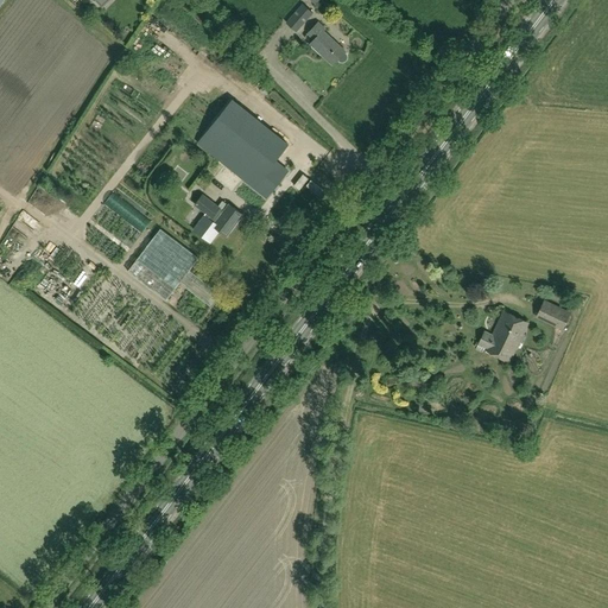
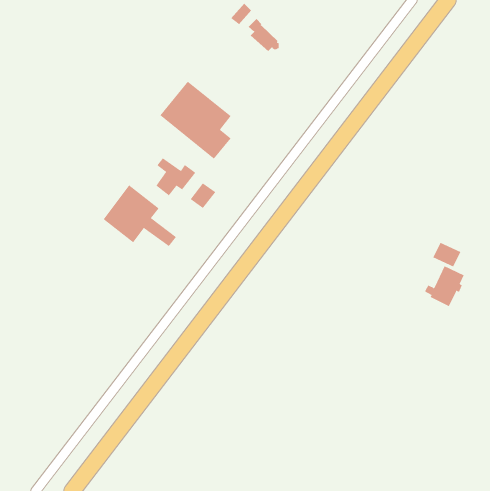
building: none -> [190,182,216,209]
building: [477,311,527,362] -> [424,265,464,307]

